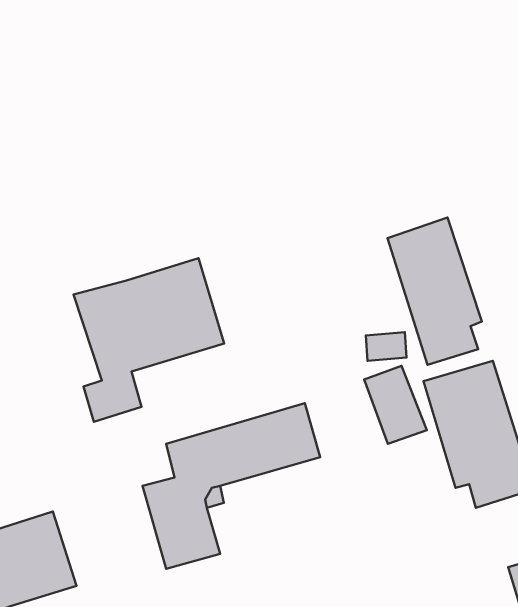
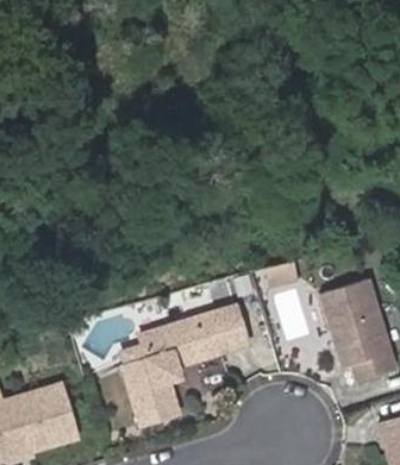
building: [387,218,482,365] -> none
building: [73,258,224,422] -> none

